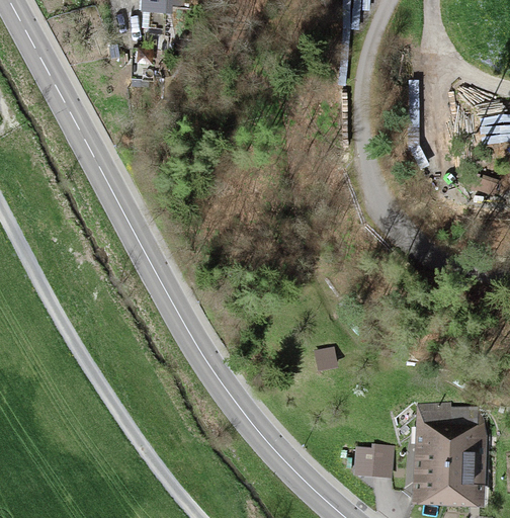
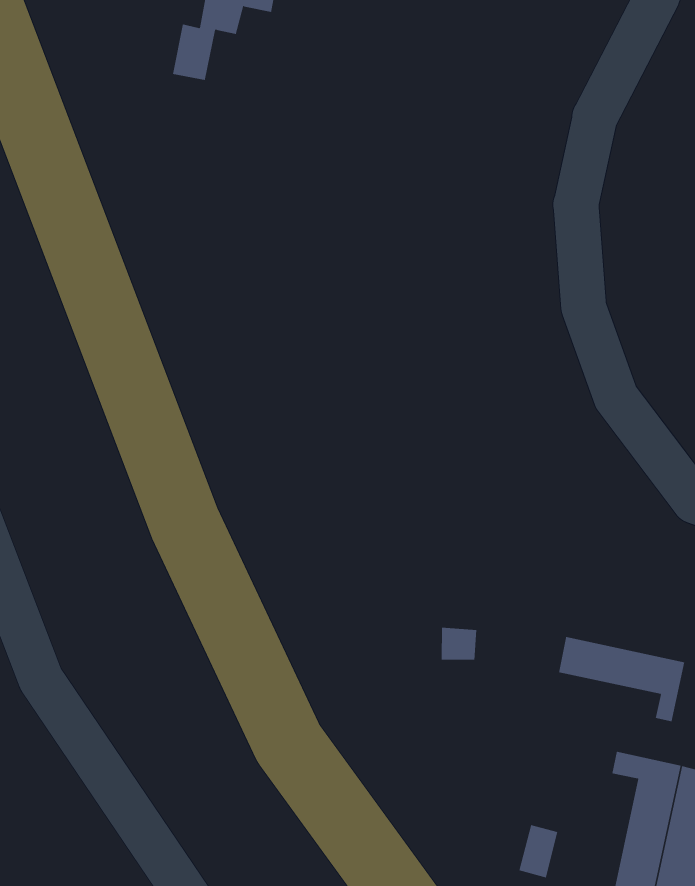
building: none -> [559,636,685,722]

